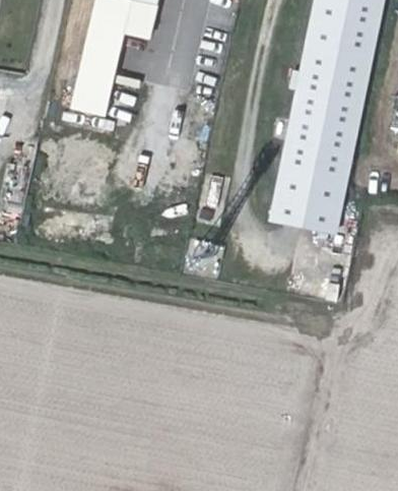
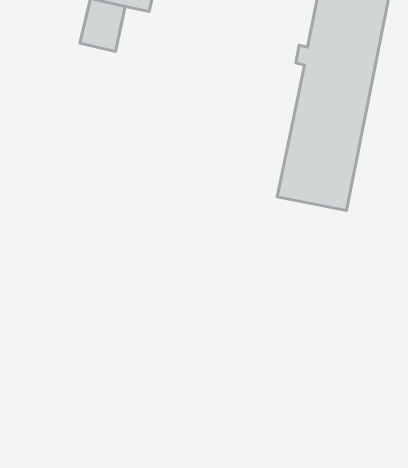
building: [70,68,114,117] -> none

